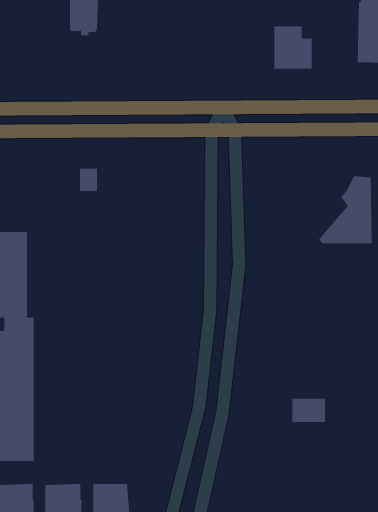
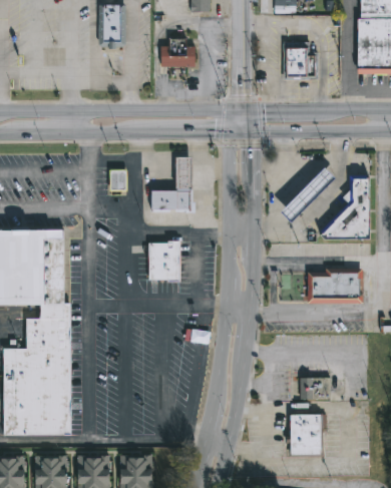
building: none -> [160,40,194,78]
building: none -> [151,155,191,210]
building: none -> [284,167,336,221]
building: none -> [148,240,180,282]
building: none -> [307,273,361,303]
building: none -> [291,414,322,455]

